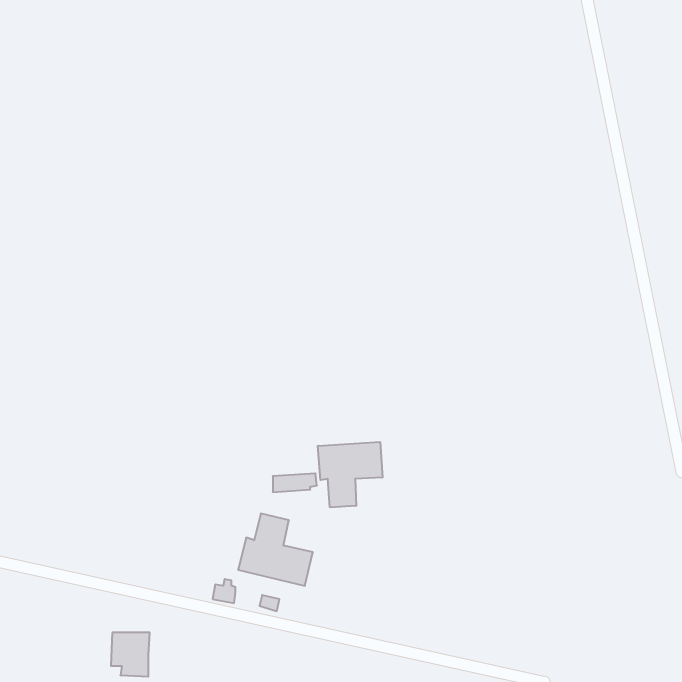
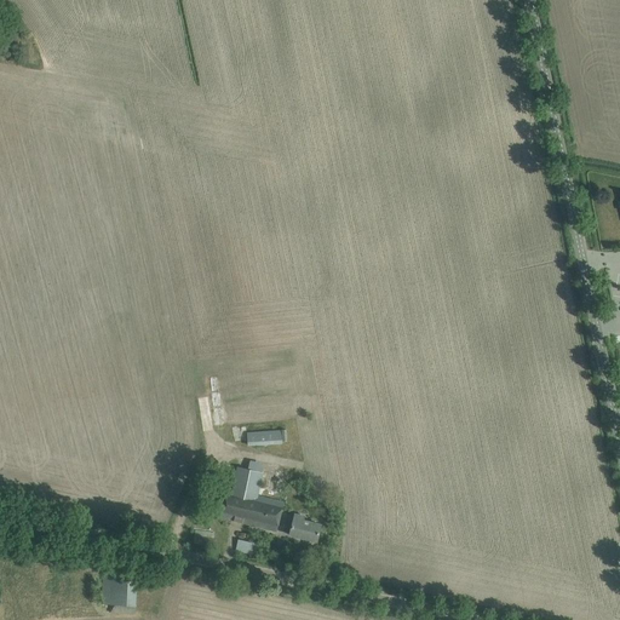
building: [318,442,382,507] -> none
building: none -> [289,511,321,540]

